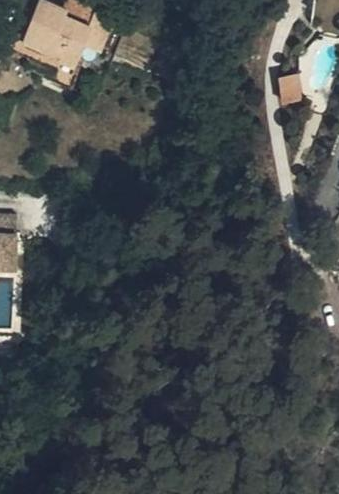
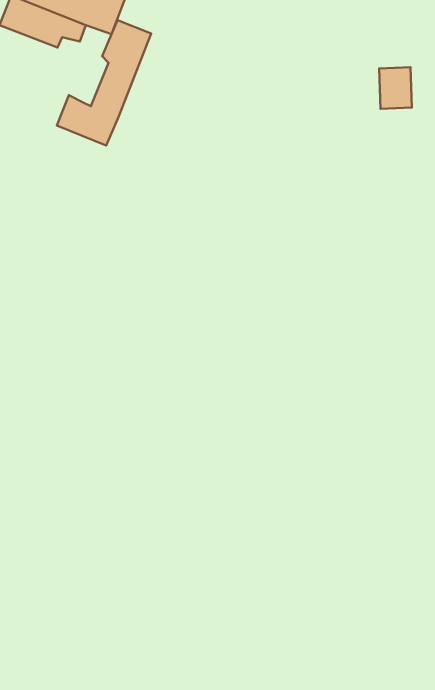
building: none -> [57,20,151,146]

